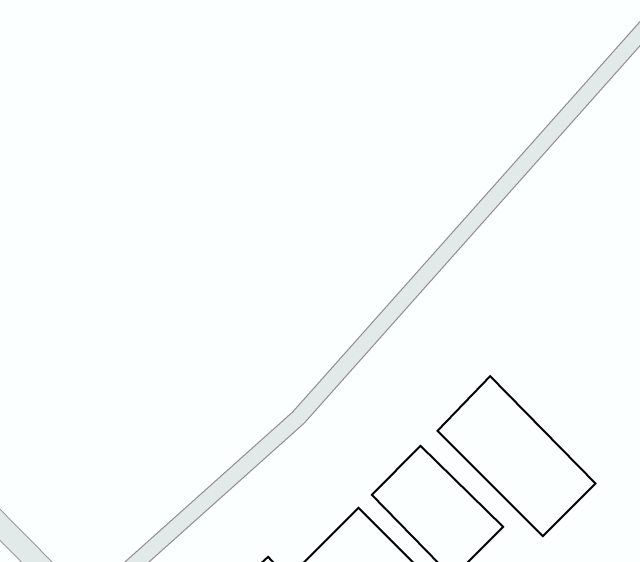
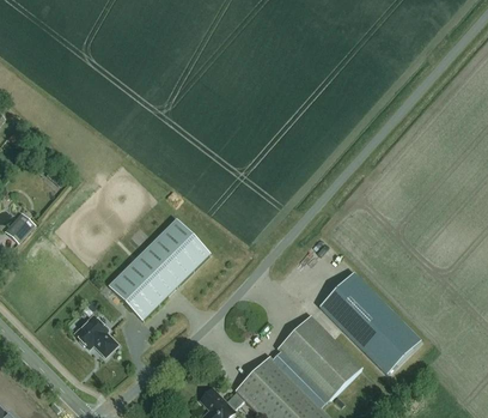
building: none -> [109,217,211,319]
building: none -> [74,313,118,356]

